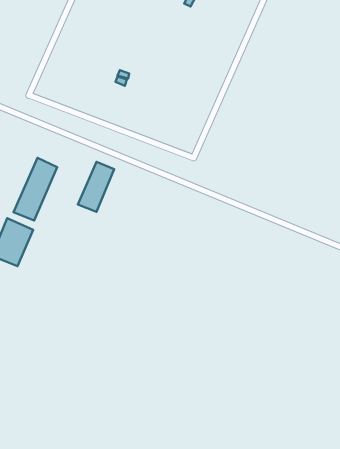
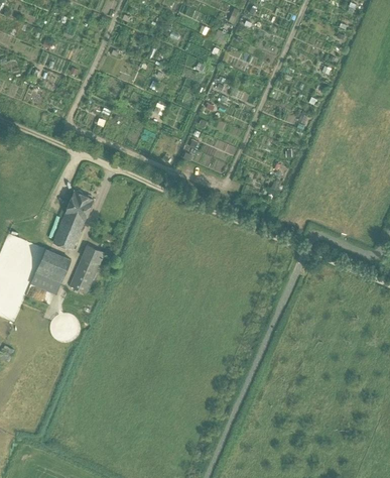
building: [78,162,114,212] -> [69,244,104,292]

